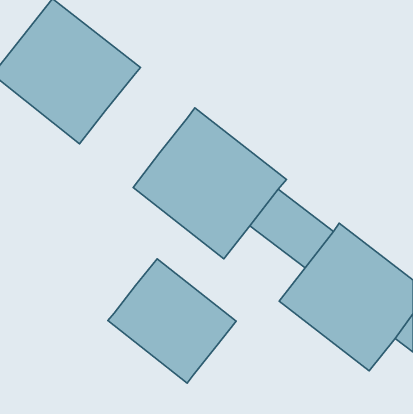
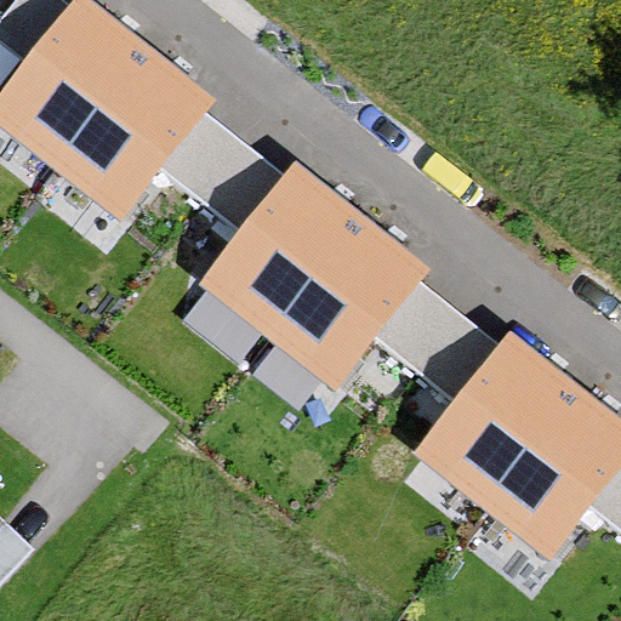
building: none -> [158,113,280,228]
building: [108,259,236,383] -> none

